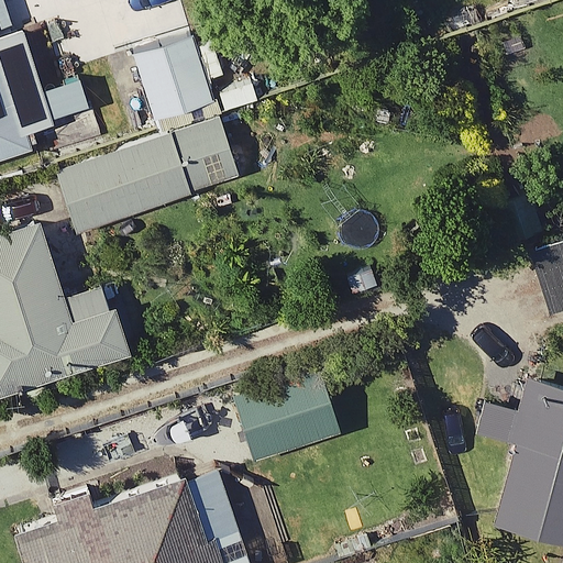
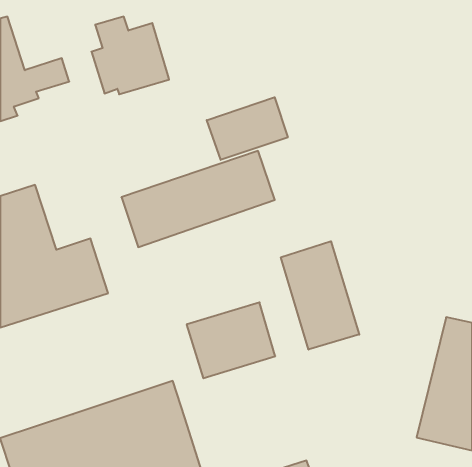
building: [63,121,245,235] -> [121,151,275,247]
building: none -> [207,97,288,160]
building: none -> [281,241,359,350]

